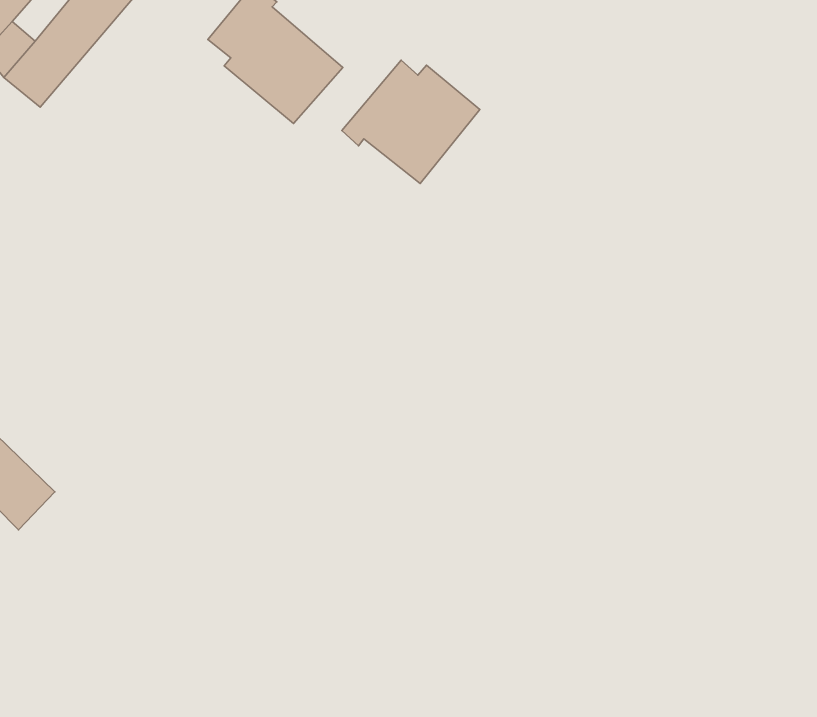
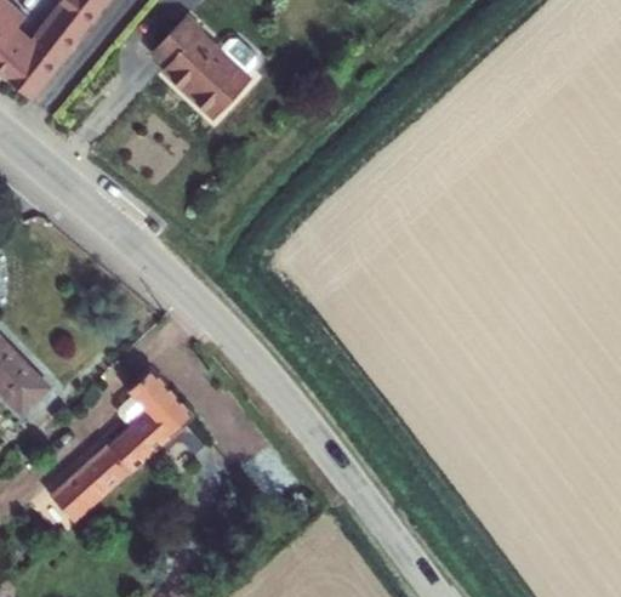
building: [342,60,480,183] -> none
building: none -> [50,370,188,516]

